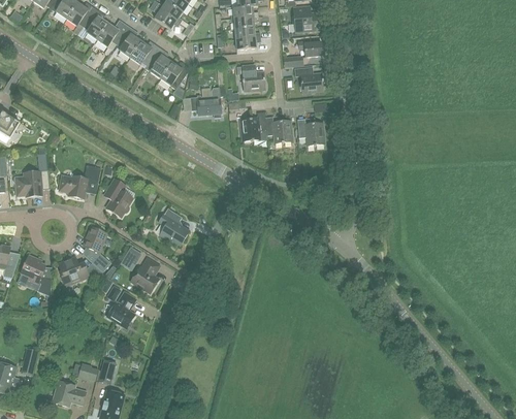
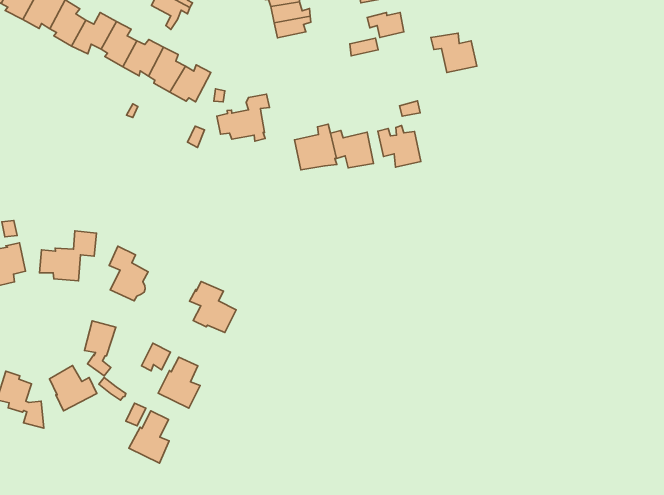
building: [236,64,265,90] -> none
building: [294,66,323,92] -> [431,33,477,72]

